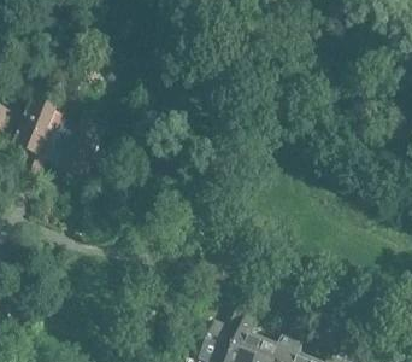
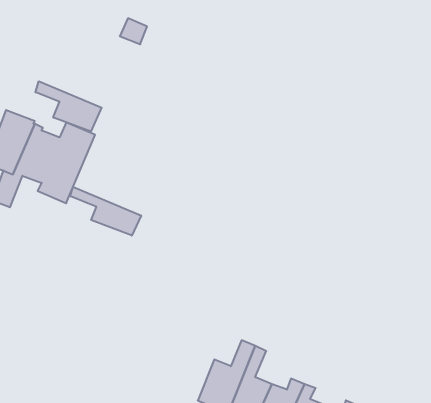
building: none -> [35,81,102,132]
building: none -> [70,187,141,236]

